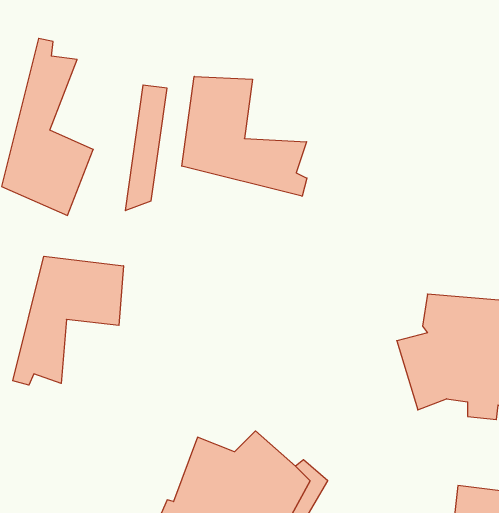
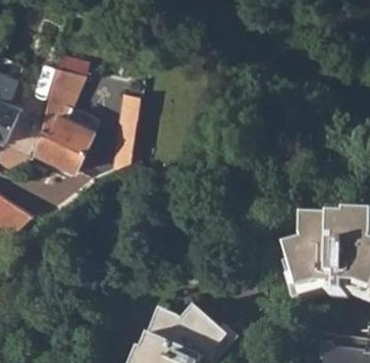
building: [182,76,307,196] -> none
building: [13,256,123,385] -> none

